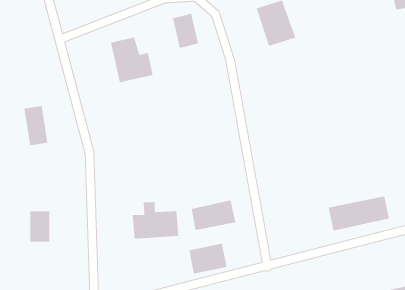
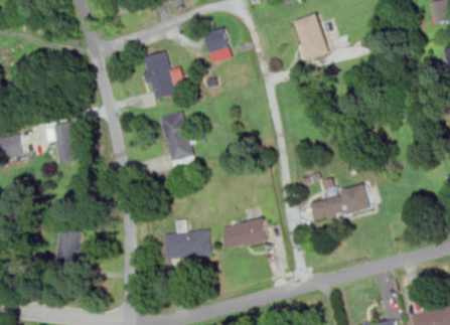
building: none -> [159,112,195,170]
building: [328,196,390,231] -> [307,186,370,222]
building: [189,243,227,275] -> none

